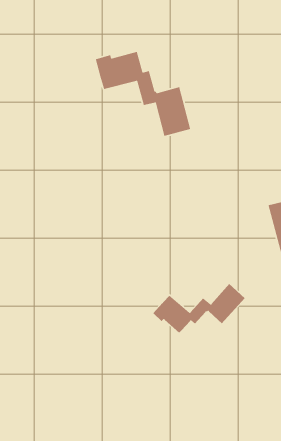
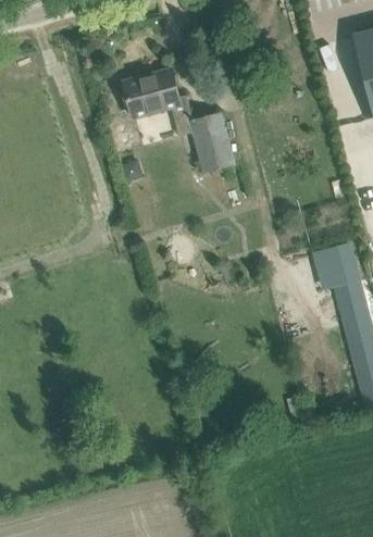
building: [152,283,245,336] -> none

